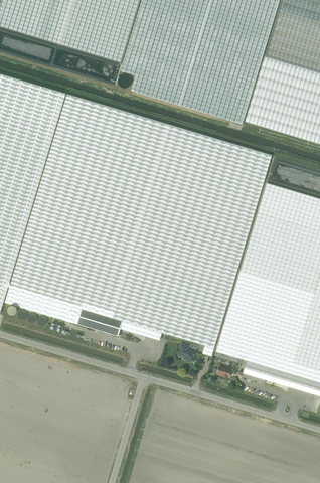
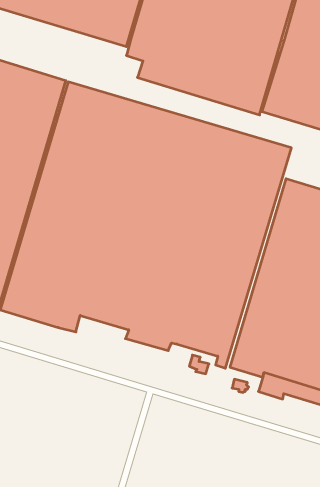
building: [74,307,123,335] -> none

